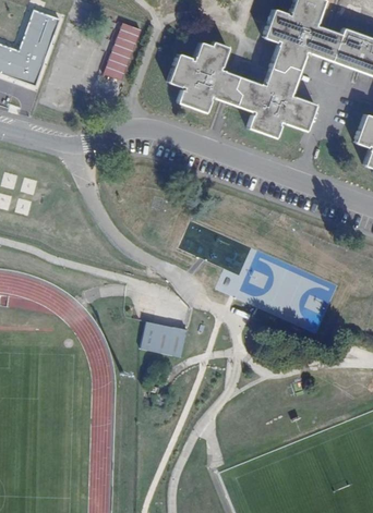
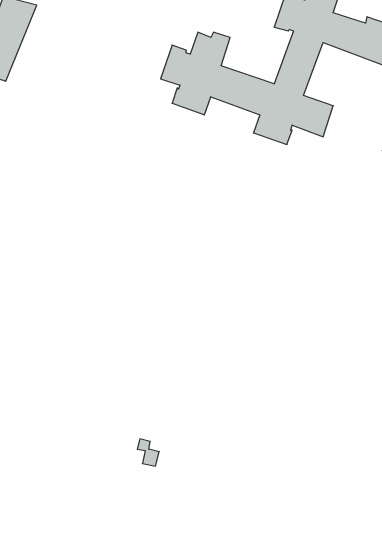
building: [101,21,142,80] -> none
building: [144,322,190,357] -> none

